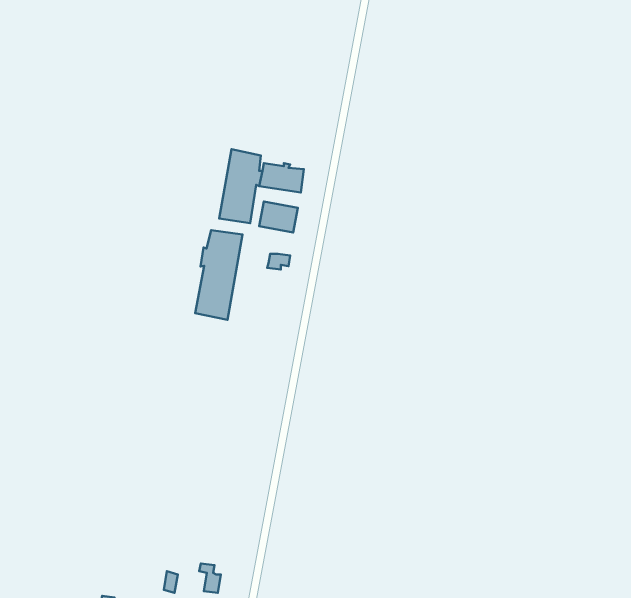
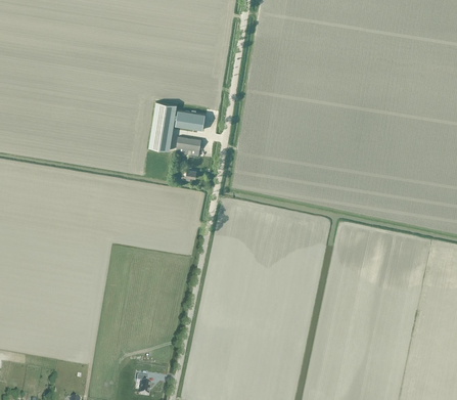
building: [195,230,243,320] -> none

